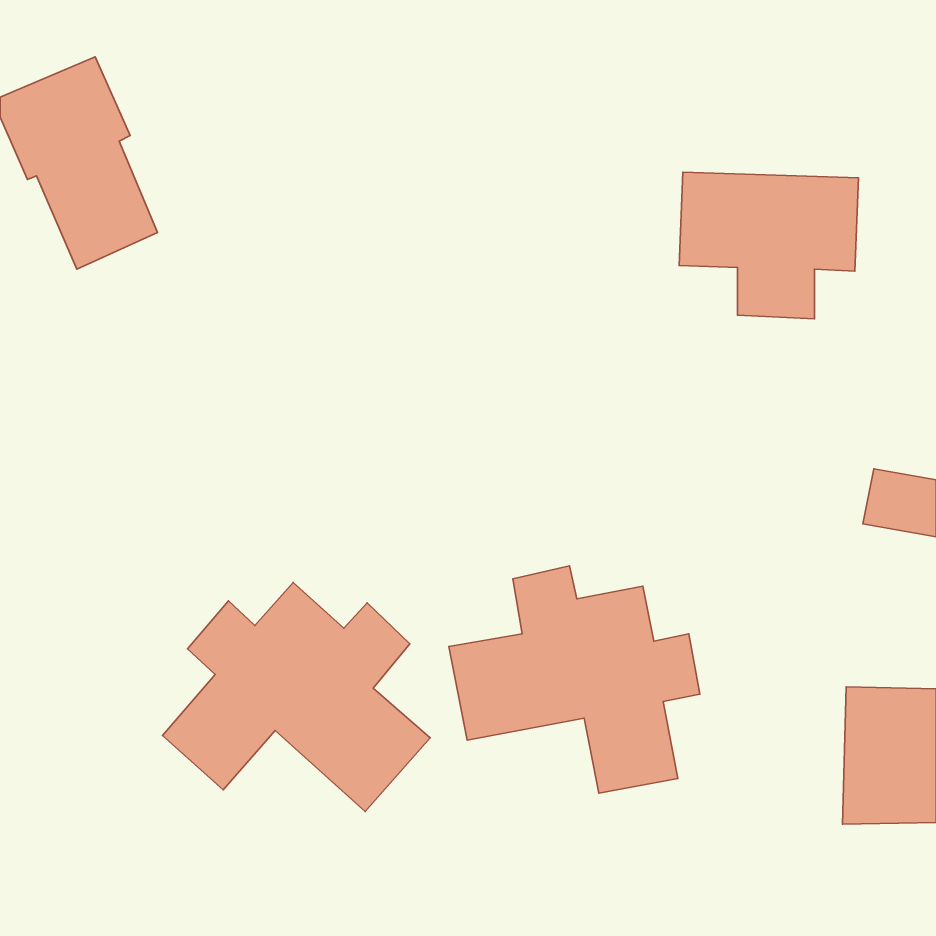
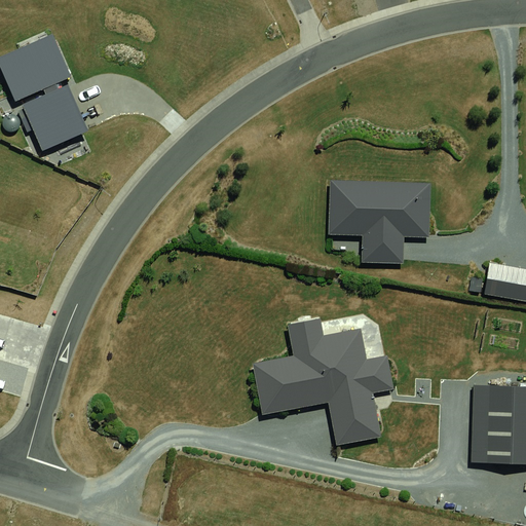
building: [679,172,859,319] -> [328,182,428,264]
building: [162,582,430,811] -> none

